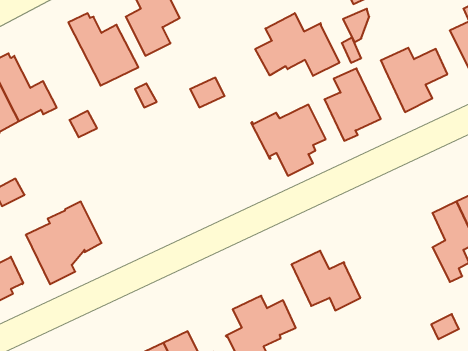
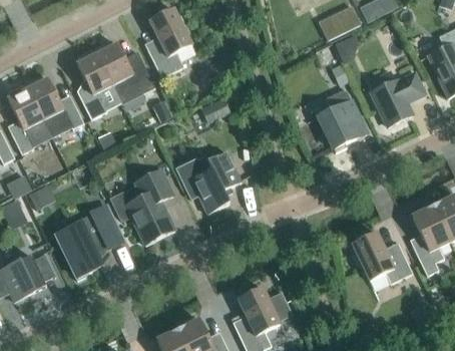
building: [255,13,339,76] -> none
building: none -> [77,48,122,119]
building: [251,105,326,176] -> [175,151,241,214]
building: none -> [112,169,174,244]
building: [291,251,360,310] -> [352,232,412,284]

